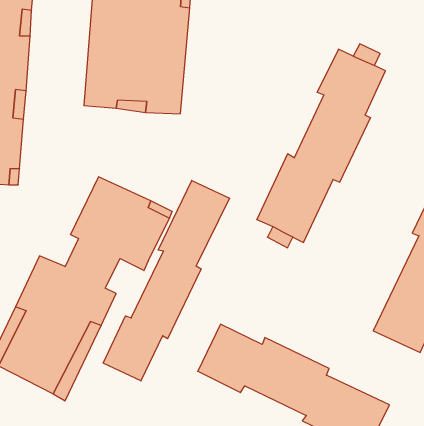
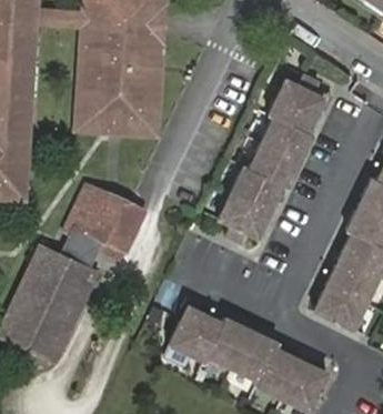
building: [103,180,229,381] -> none

